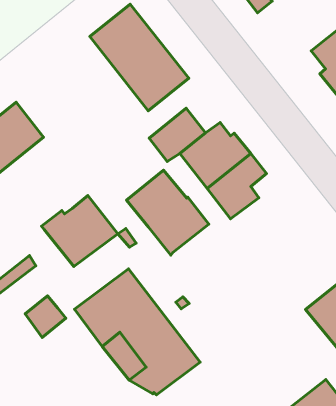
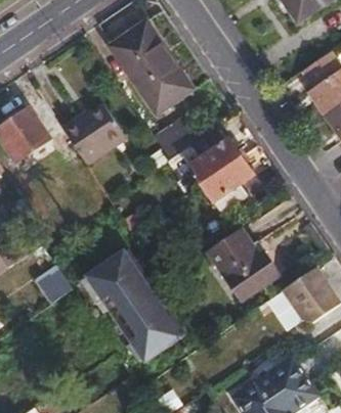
building: [127,170,209,255] -> [208,229,278,303]
building: [42,196,118,267] -> [61,103,127,164]

